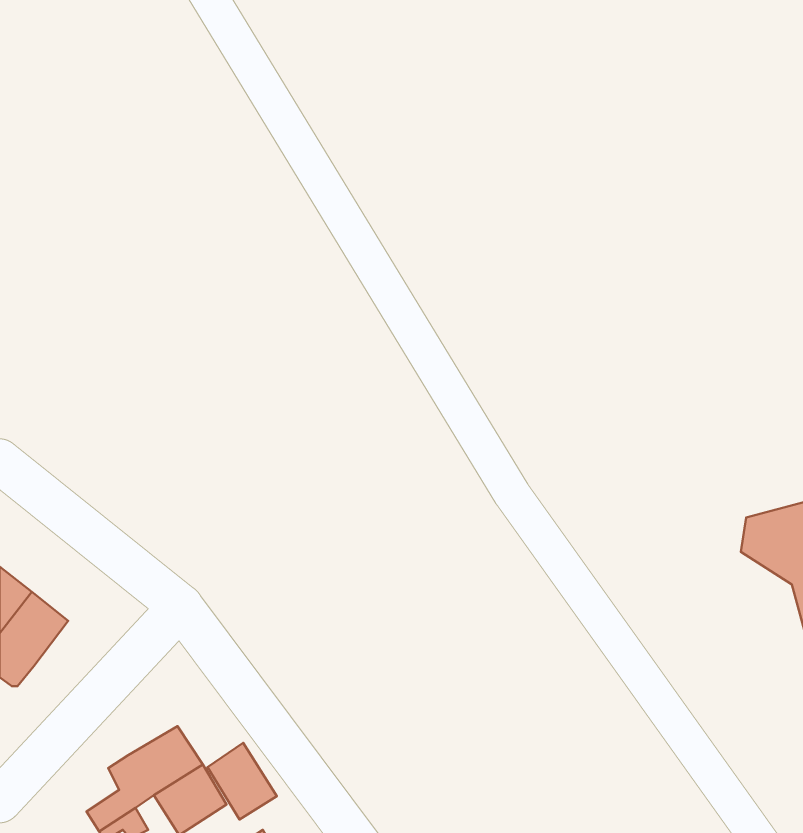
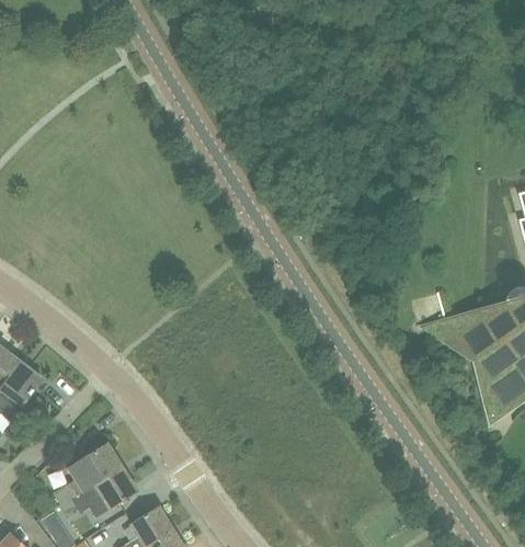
building: [207,743,277,819] -> none

